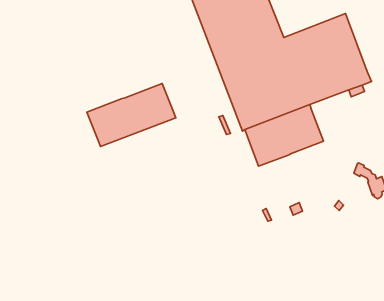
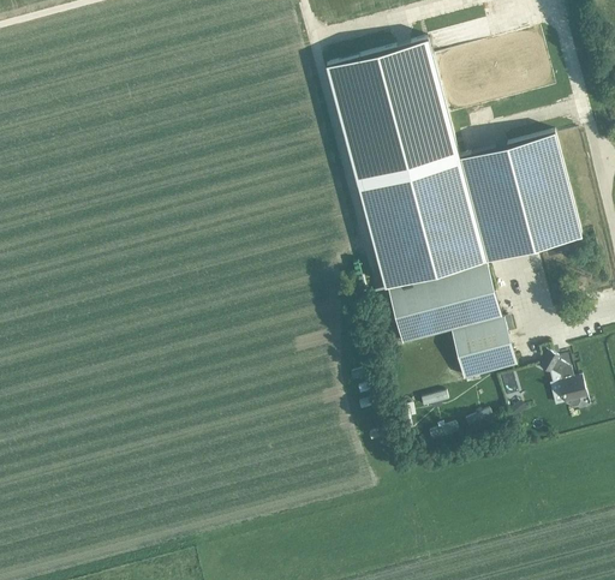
building: [87,84,176,146] -> none
building: none -> [452,317,517,381]

